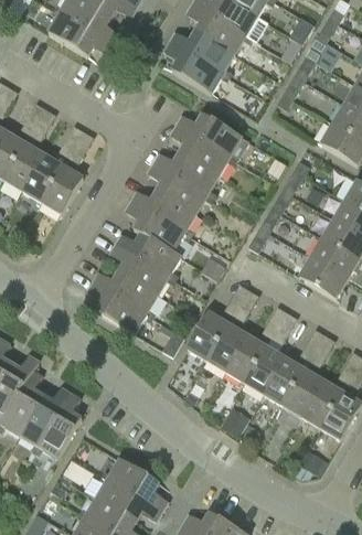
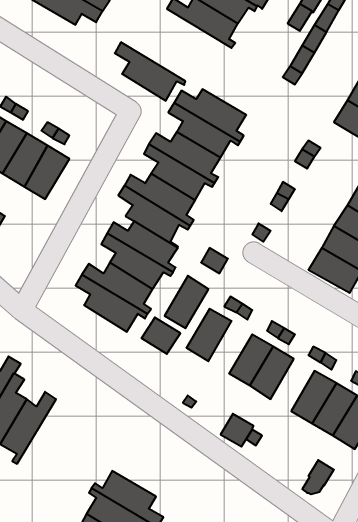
building: [166,40,230,93] -> [115,42,185,101]
building: [209,322,248,370] -> [165,276,208,328]
building: [265,356,305,404] -> none
building: [35,393,83,457] -> none

